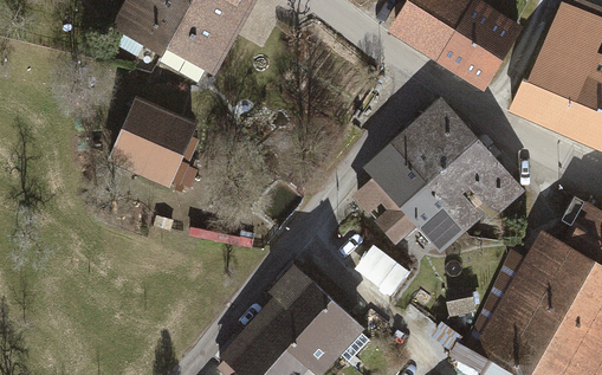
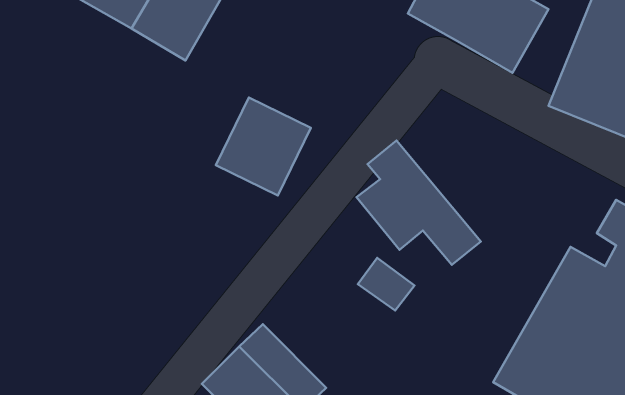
building: [390,101,514,229] -> none
building: [112,104,194,188] -> [216,98,311,196]
building: [268,263,360,355] -> none

